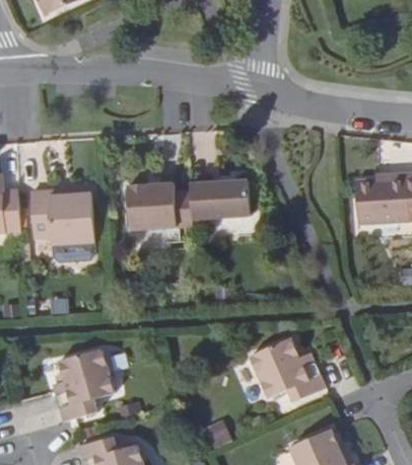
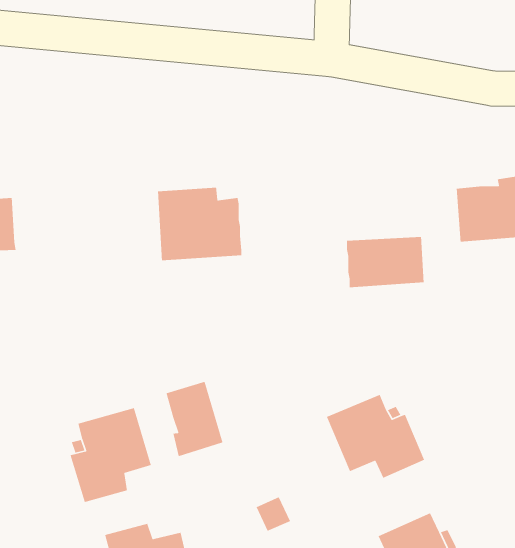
building: [187,180,247,220] -> [346,236,424,288]
building: [27,189,91,244] -> none
building: none -> [165,381,224,457]

